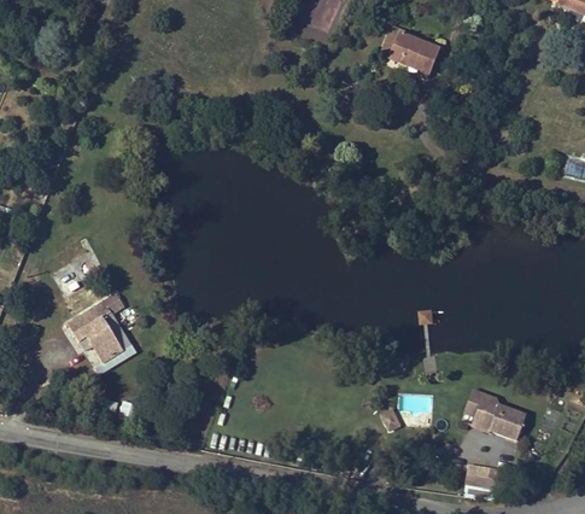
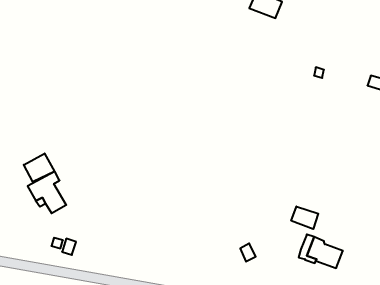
building: none -> [24,153,55,182]
building: none -> [291,206,318,229]

